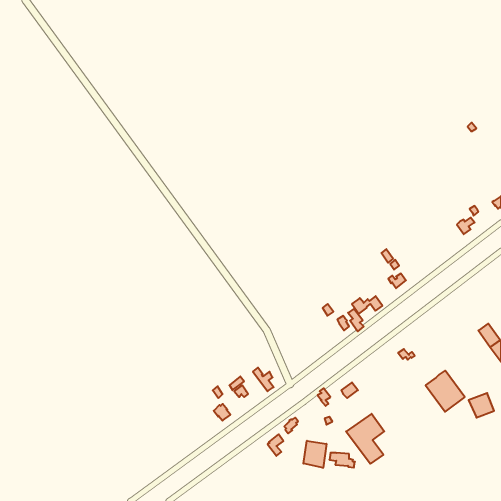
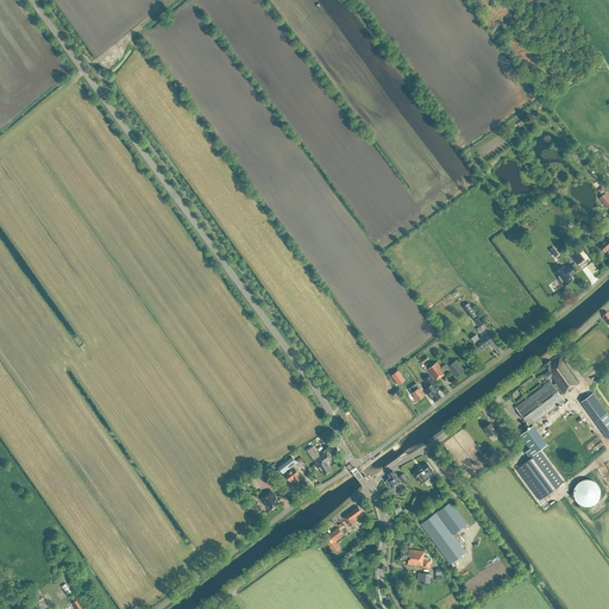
building: none -> [515,358,578,458]
building: [303,441,326,468] -> none

